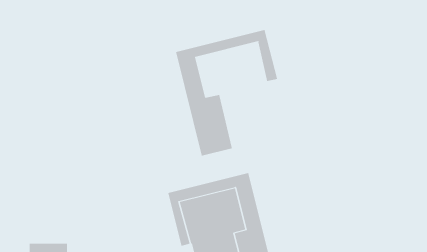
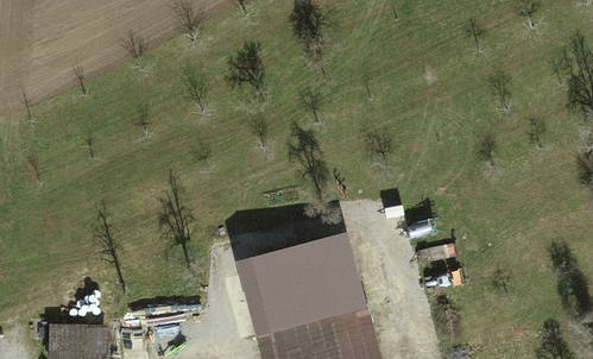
building: [175,29,278,157] -> none

